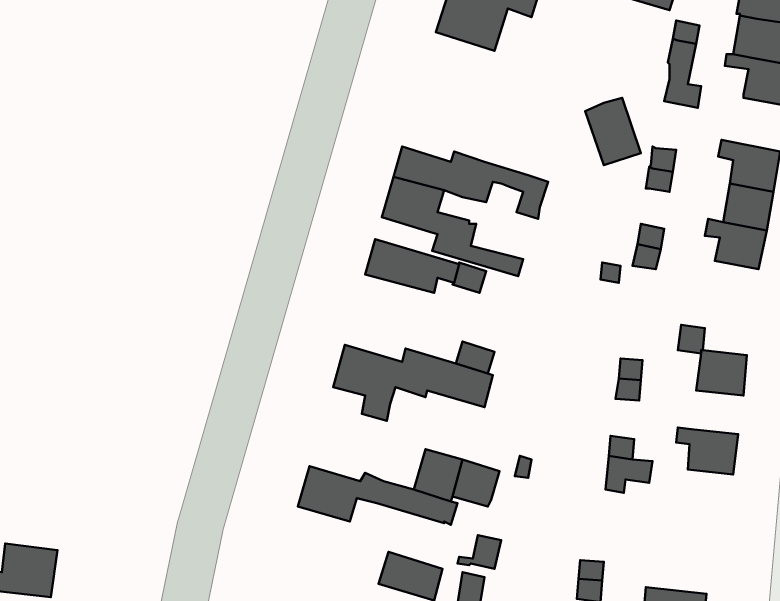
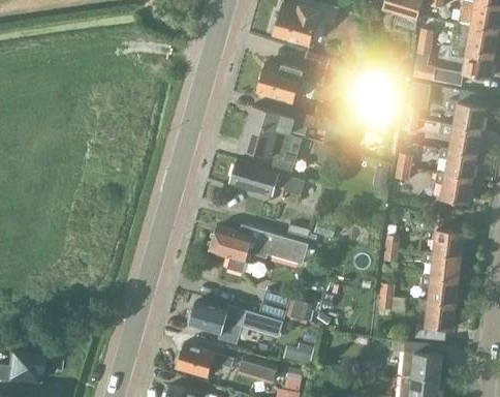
building: none -> [256,52,329,102]
building: none -> [434,174,471,205]
building: none -> [423,253,462,281]
building: none -> [417,302,456,331]
building: none -> [402,342,442,379]
building: none -> [176,344,233,377]

